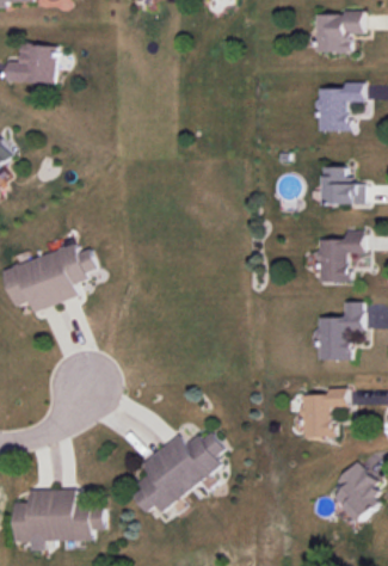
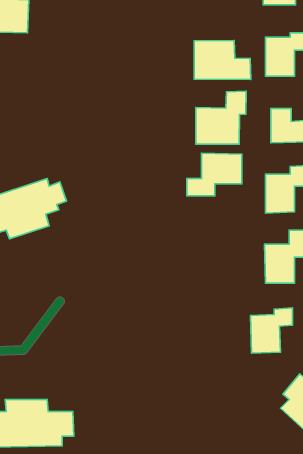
building: none -> [194,41,251,80]
building: none -> [196,91,246,144]
building: none -> [187,153,242,196]
building: [130,431,223,511] -> none

